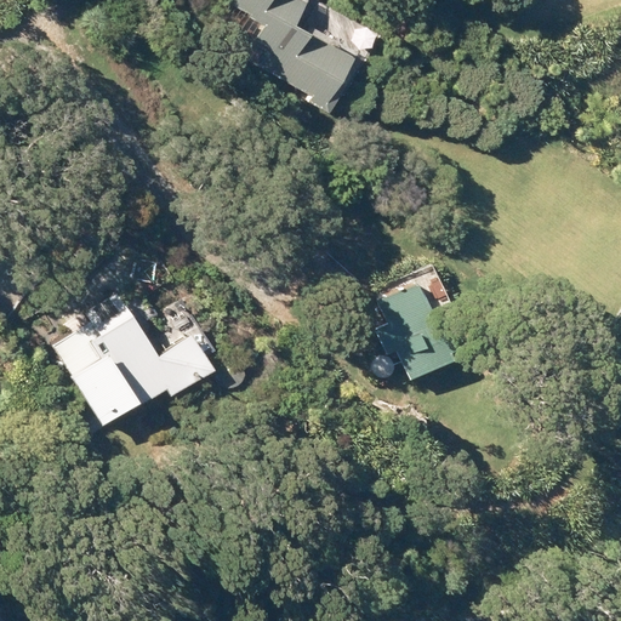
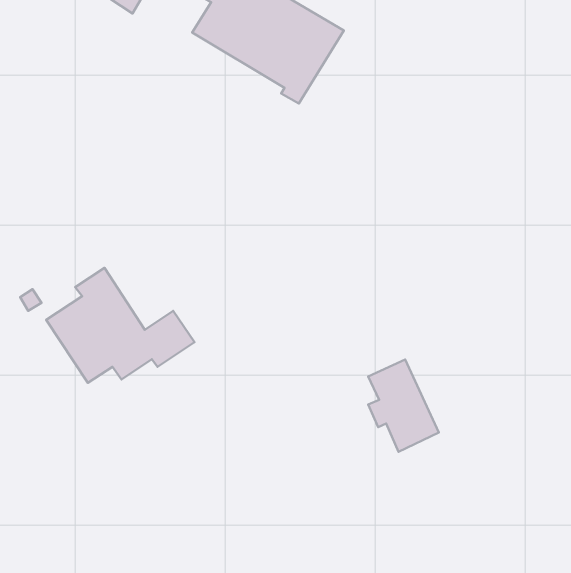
building: [377,280,454,380] -> [368,359,439,452]

